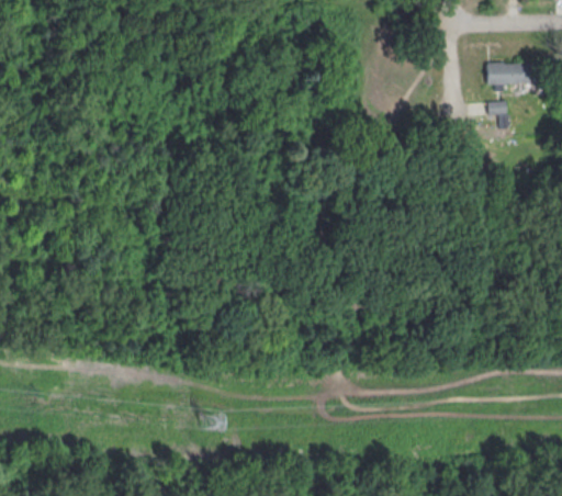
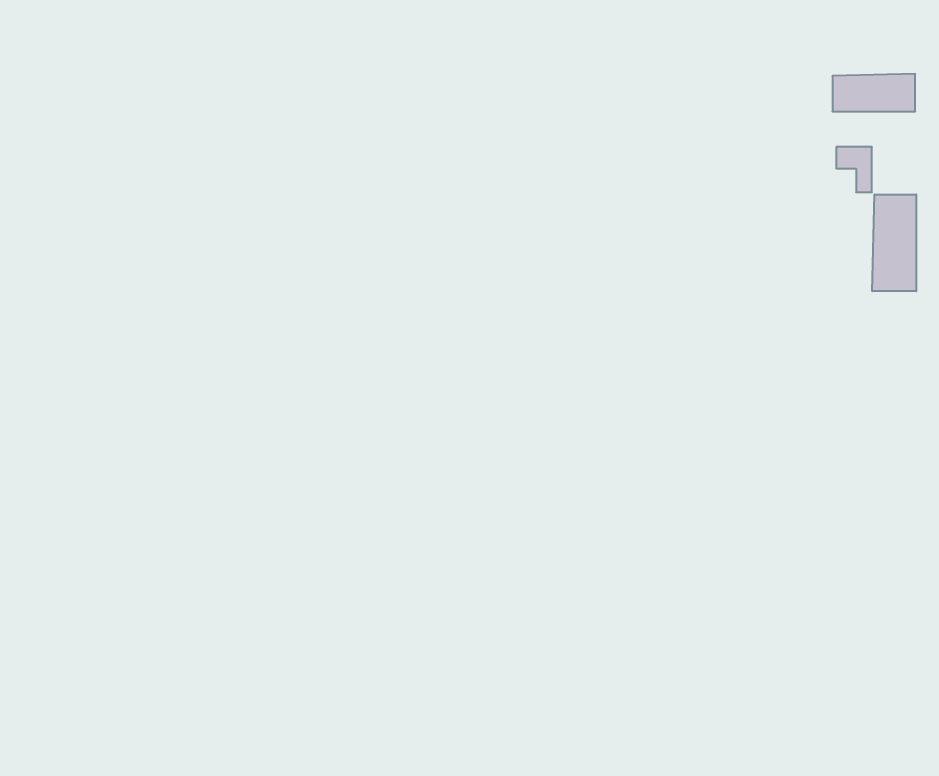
building: none -> [872,194,916,291]

